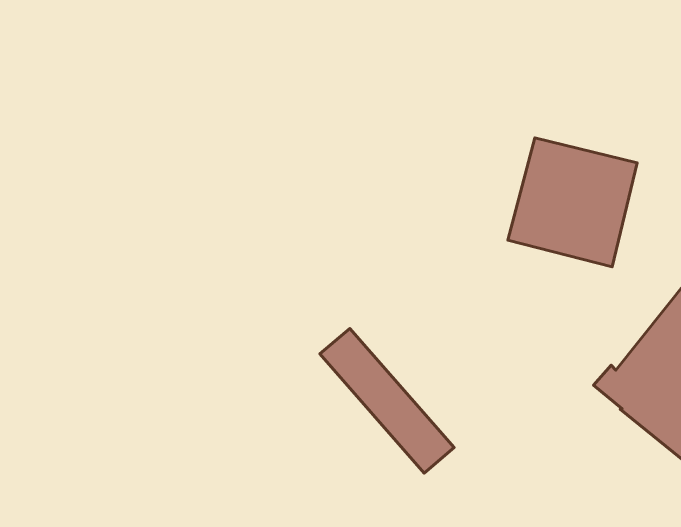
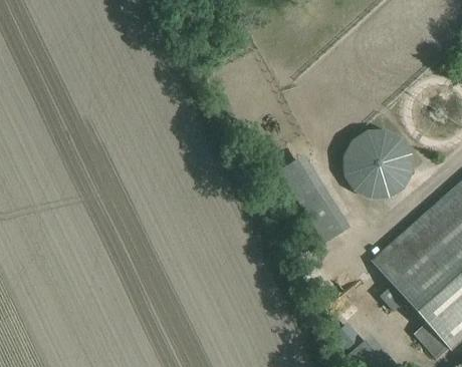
building: [320,328,454,473] -> [280,158,343,242]

